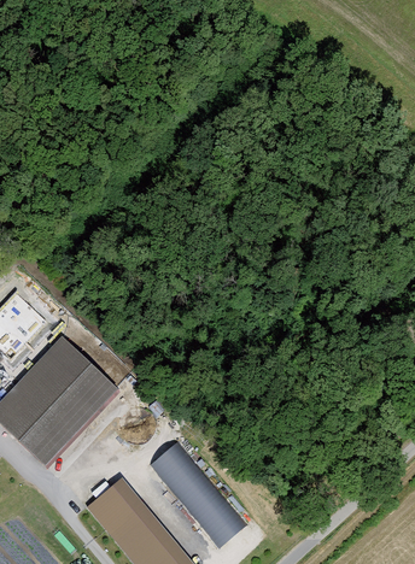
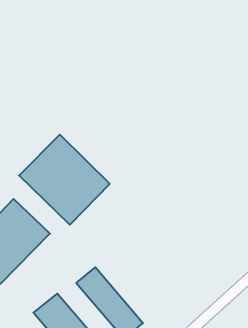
building: none -> [19,135,110,225]

